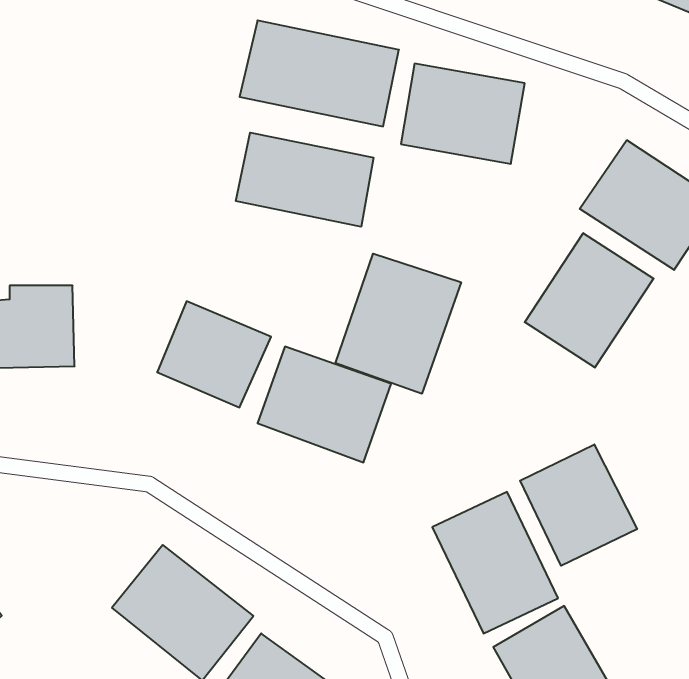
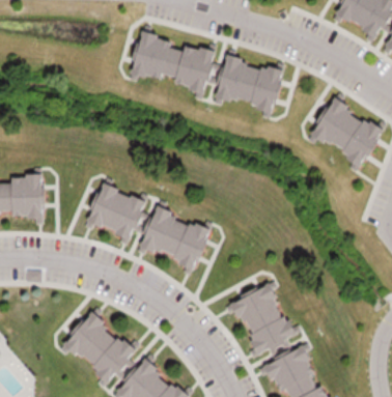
building: [236,133,374,227] -> none
building: [525,233,654,368] -> none
building: [335,254,461,394] -> none
building: [520,444,637,566] -> none

